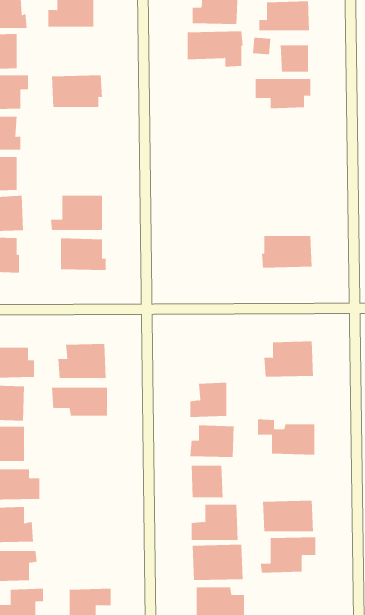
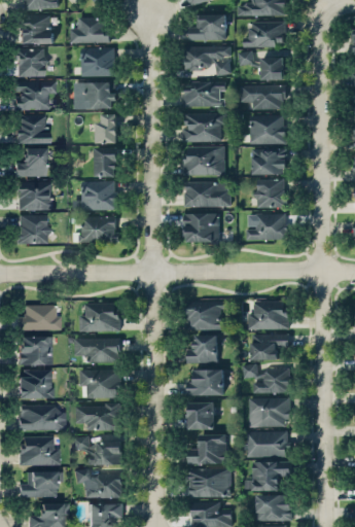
building: none -> [81,47,115,76]
building: none -> [183,82,225,107]
building: none -> [183,113,226,142]
building: none -> [96,114,118,143]
building: none -> [250,115,286,144]
building: none -> [185,146,225,175]
building: none -> [95,147,117,177]
building: none -> [253,149,287,175]
building: none -> [256,179,289,208]
building: none -> [185,181,230,207]
building: none -> [185,213,220,243]
building: none -> [187,301,229,330]
building: none -> [252,333,288,360]
building: none -> [80,370,120,399]
building: none -> [249,397,290,427]
building: none -> [75,406,121,430]
building: none -> [75,437,122,465]
building: none -> [75,470,122,498]
building: none -> [256,495,291,521]

